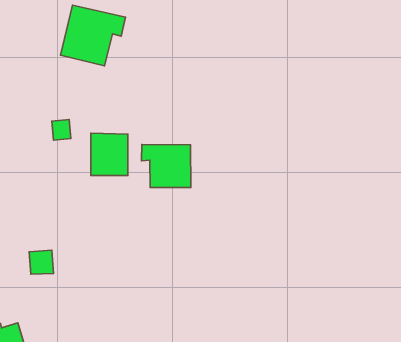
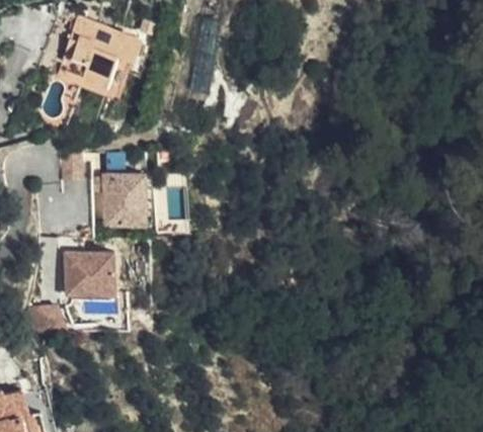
building: [142,145,191,188] -> none
building: none -> [63,251,114,294]

